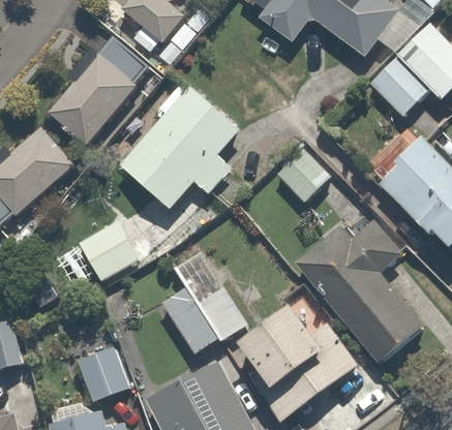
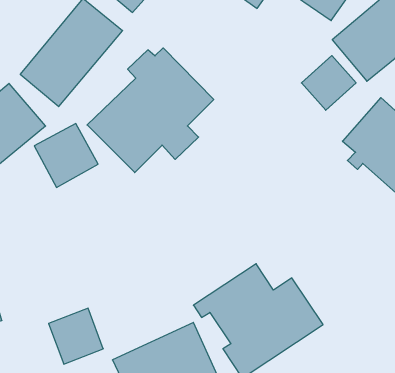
building: [278,147,334,203] -> [301,56,356,110]
building: [77,218,142,283] -> [34,124,98,187]
building: [298,222,422,364] -> none
building: [162,243,249,357] -> none

